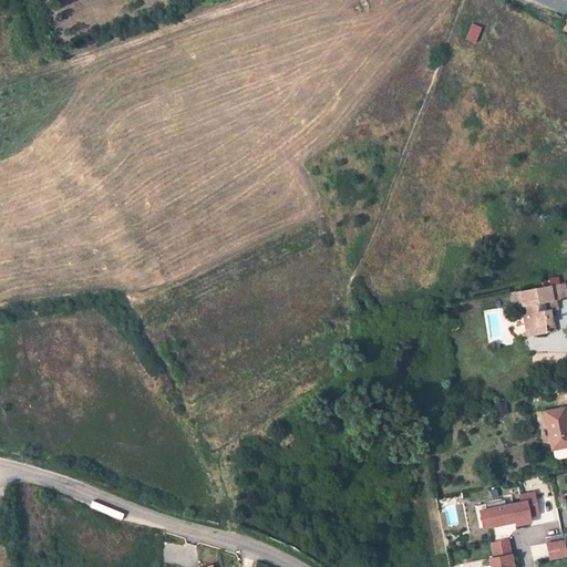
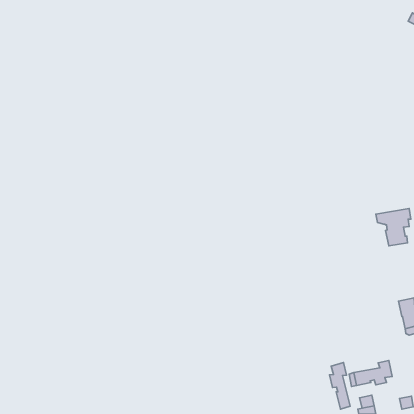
building: none -> [330,363,350,409]

